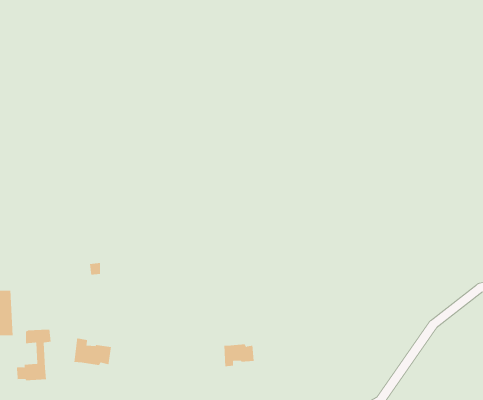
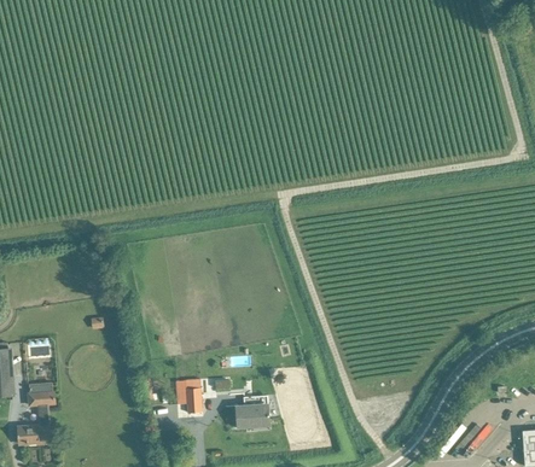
building: none -> [175,378,200,410]
building: [74,338,111,366] -> none

